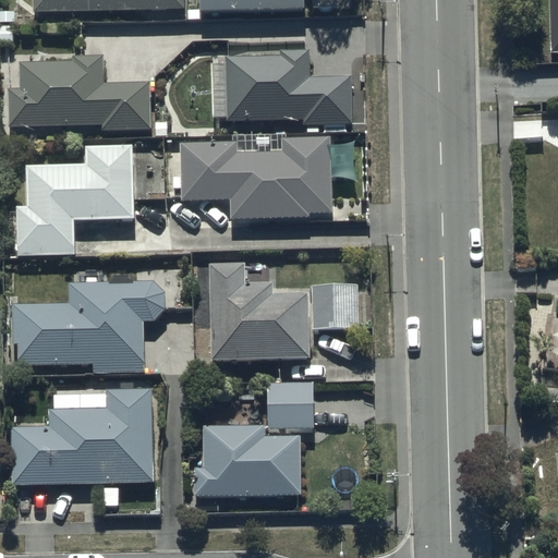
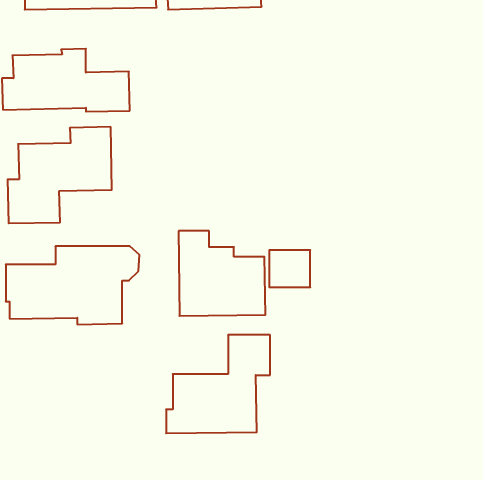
building: [211,49,354,123] -> none
building: [181,136,330,218] -> none
building: [10,389,151,482] -> none

